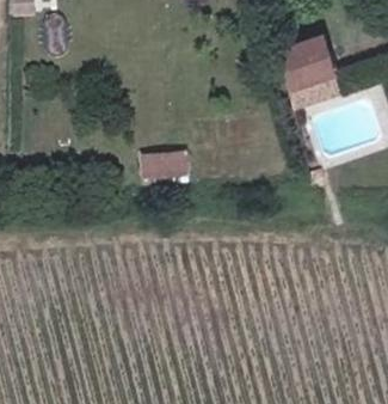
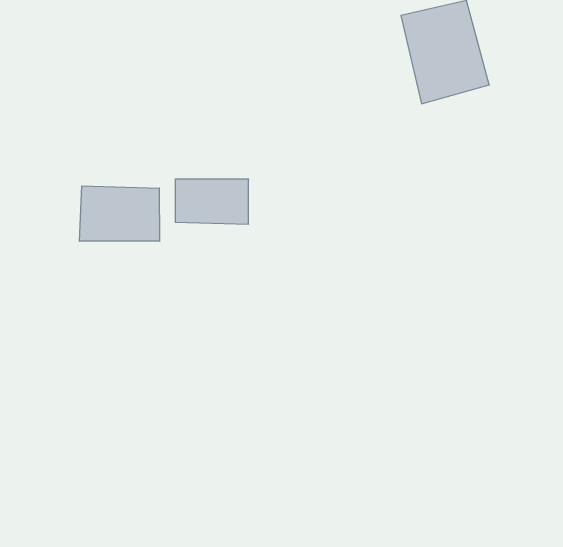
building: none -> [79,186,160,241]

